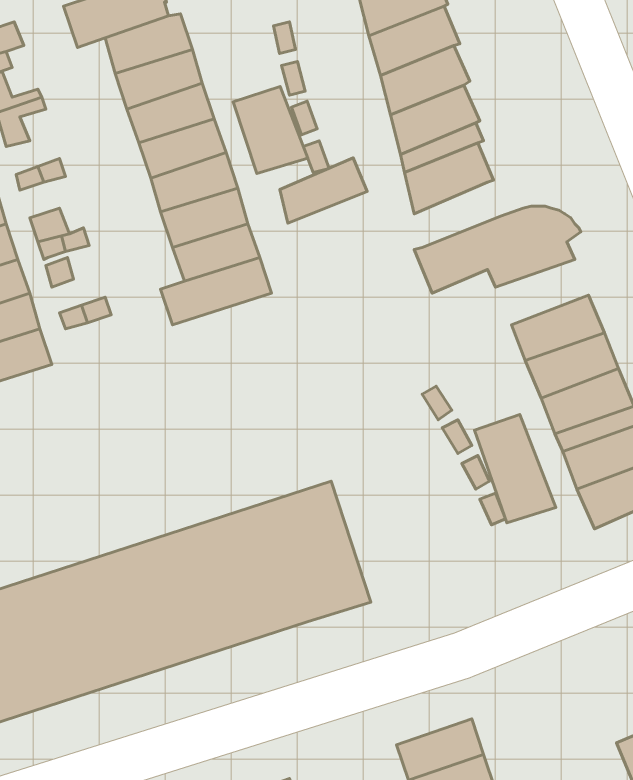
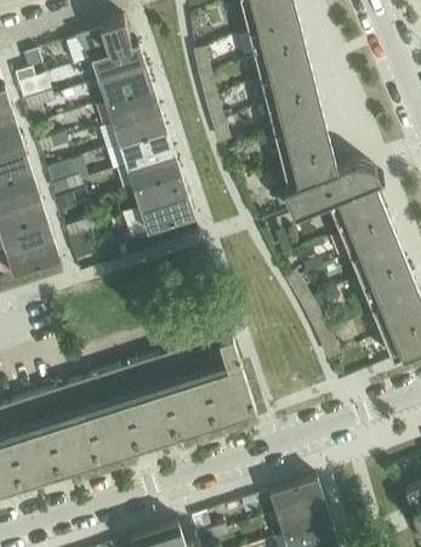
building: [233,86,308,174] -> none
building: [280,158,367,223] -> [283,154,336,194]
building: none -> [332,201,389,241]
building: [474,415,556,523] -> none

